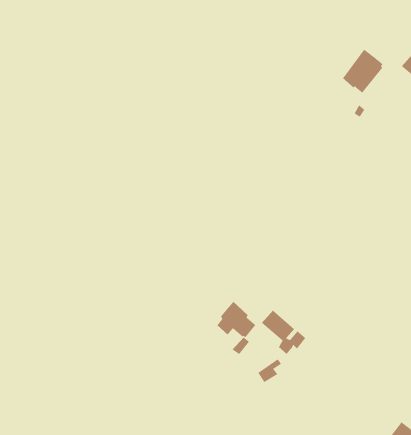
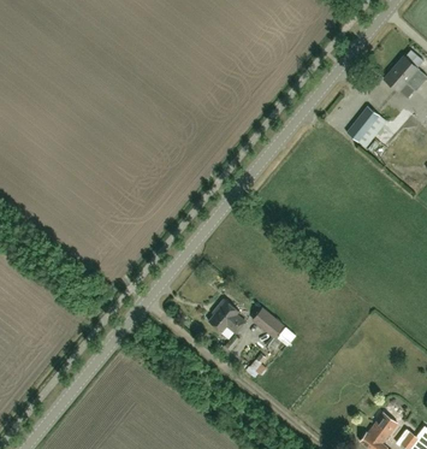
building: [342,49,383,94] -> [346,106,385,148]

